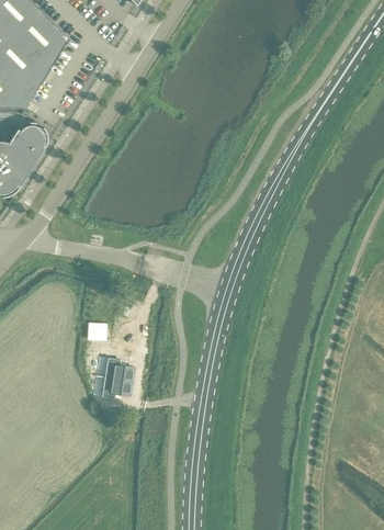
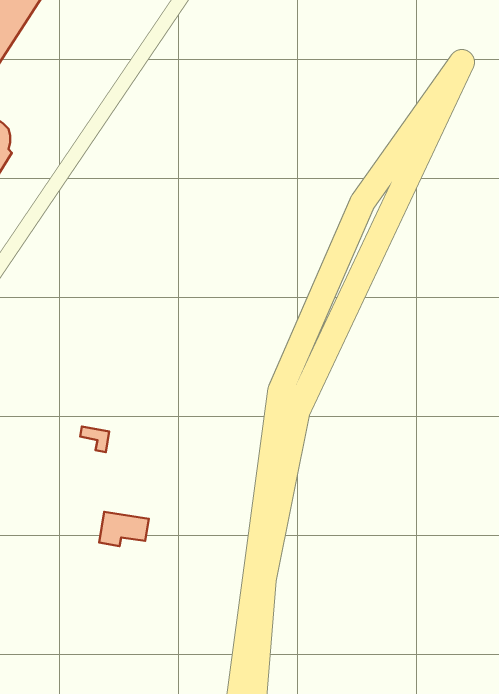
building: [104,357,135,381] -> none

